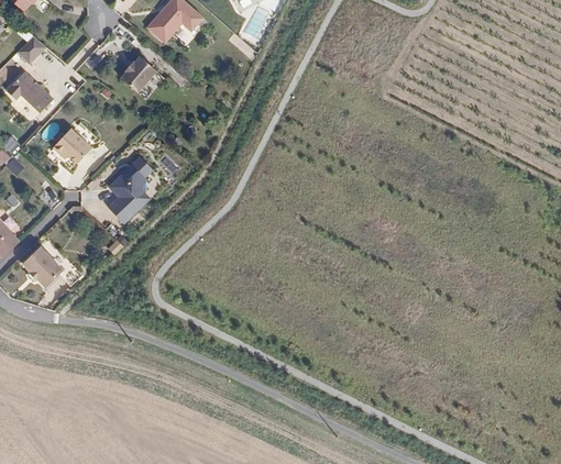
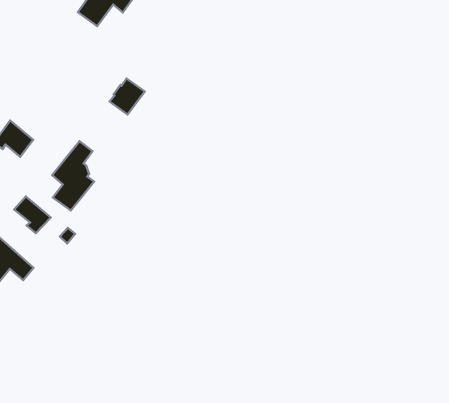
building: [120,57,155,92] -> [110,79,145,115]
building: none -> [14,196,51,233]

